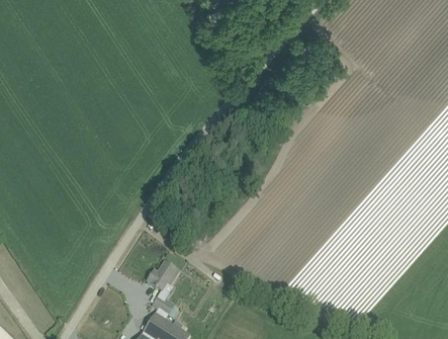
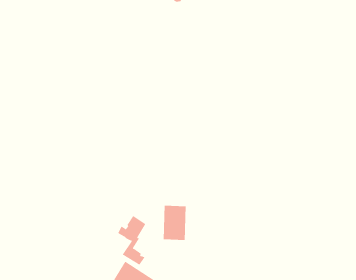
building: none -> [163,205,186,241]

